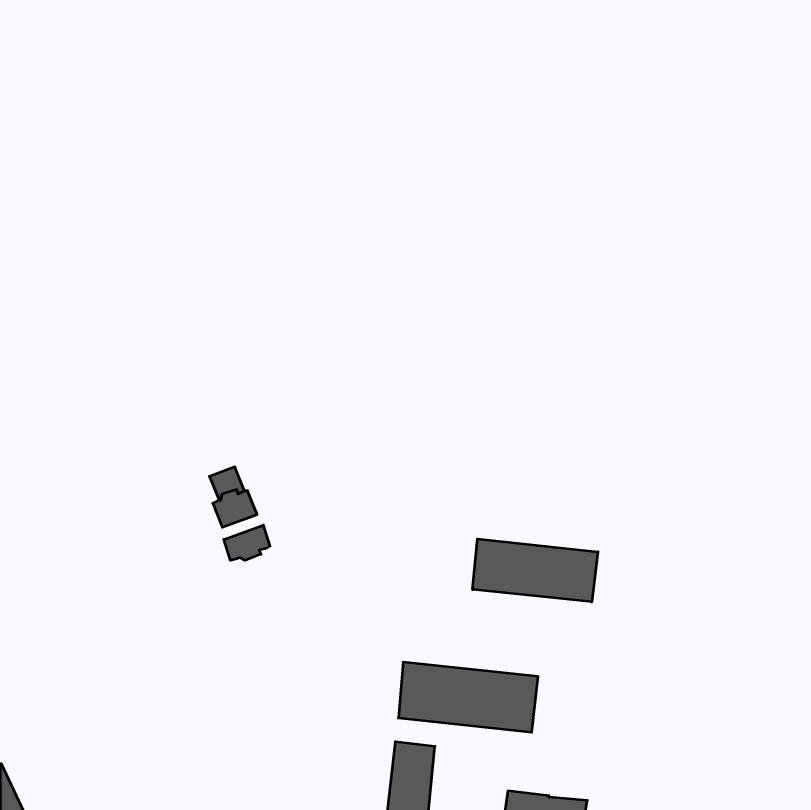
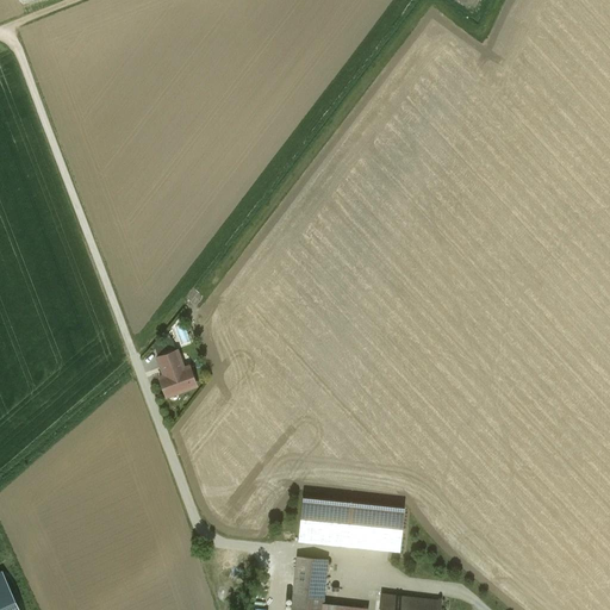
building: [224,525,270,560] -> none
building: [473,539,598,602] -> none

